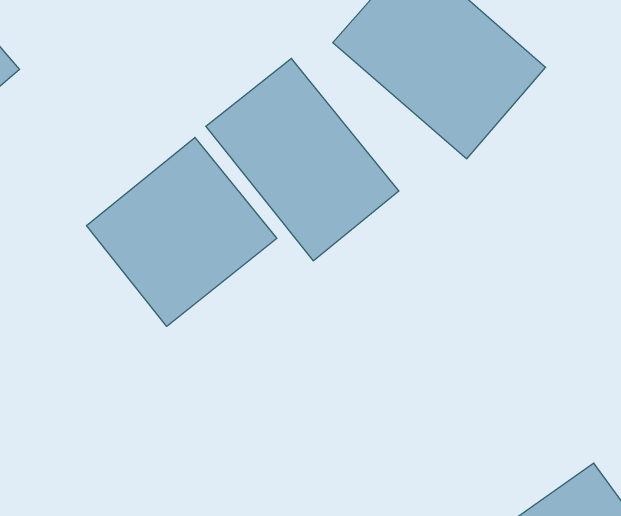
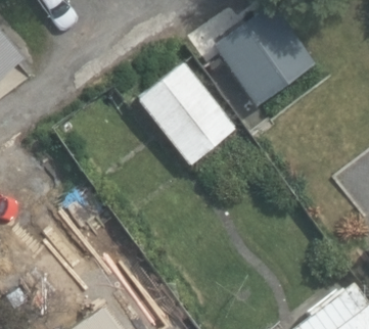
building: [87,137,277,326] -> none

